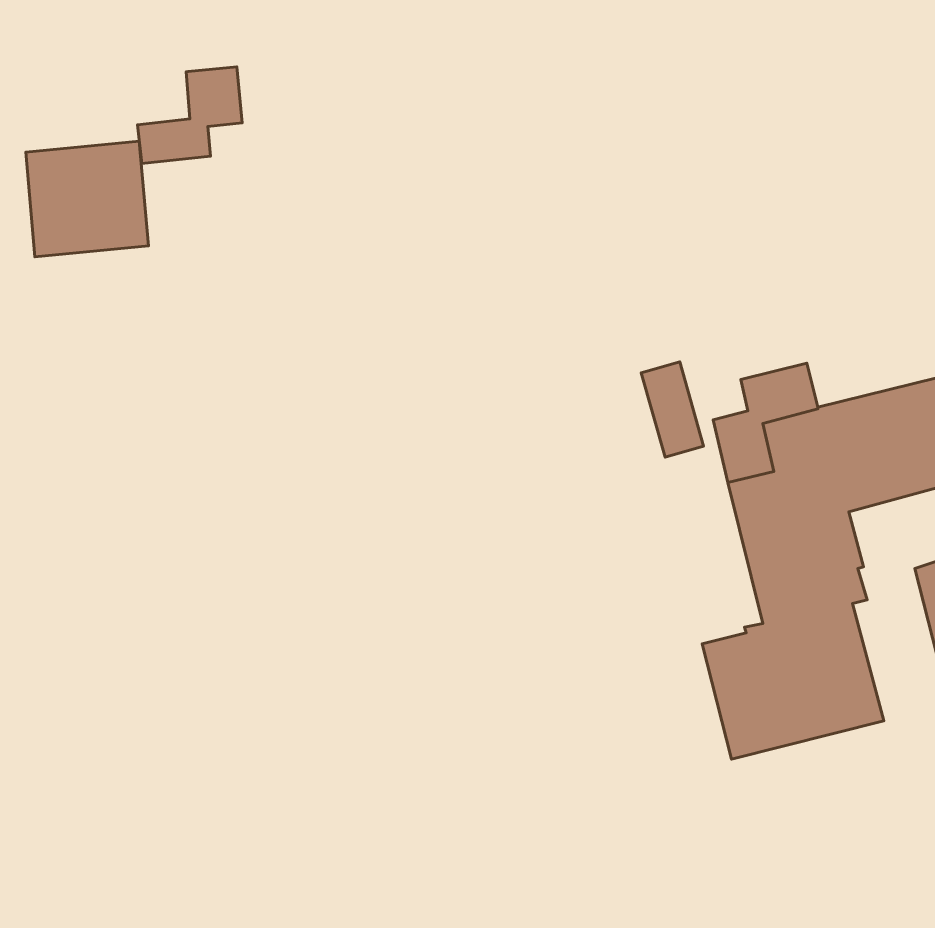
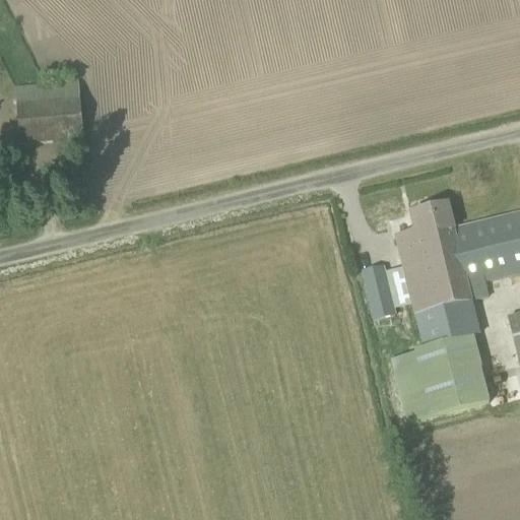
building: [138,67,242,164] -> none
building: [641,362,704,457] -> [365,265,399,318]

